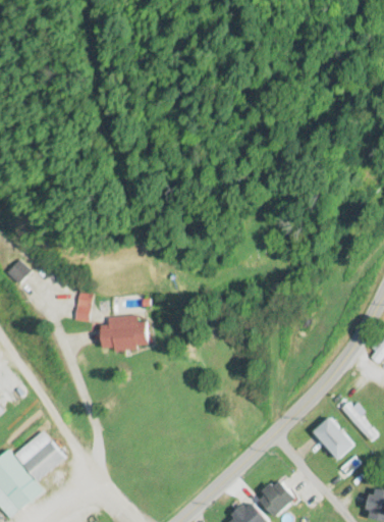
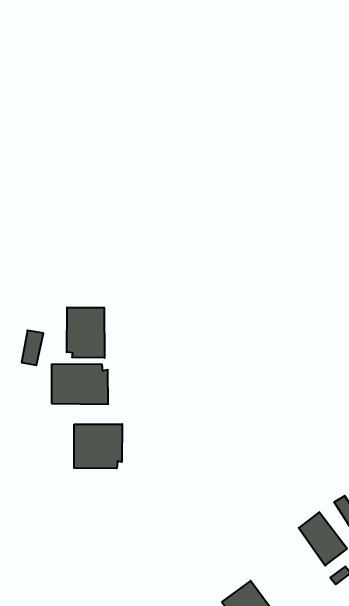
building: none -> [67,307,105,358]
building: none -> [74,424,122,468]

